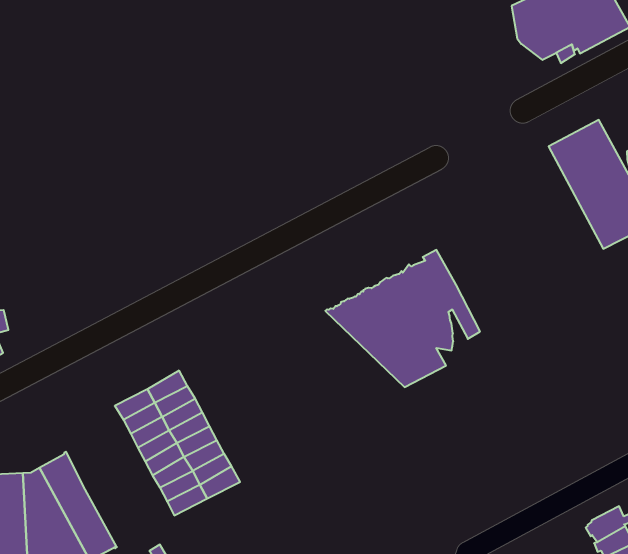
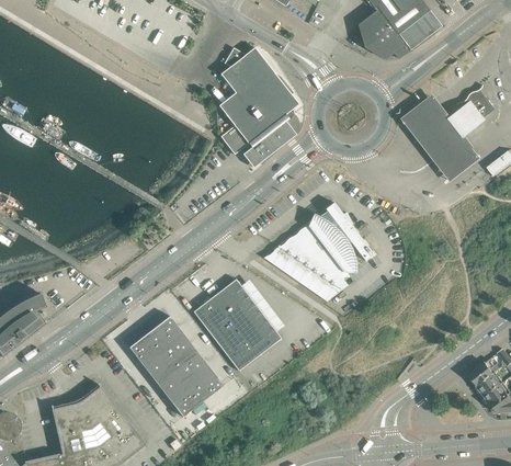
building: none -> [220,47,298,160]
building: none -> [193,279,281,371]

